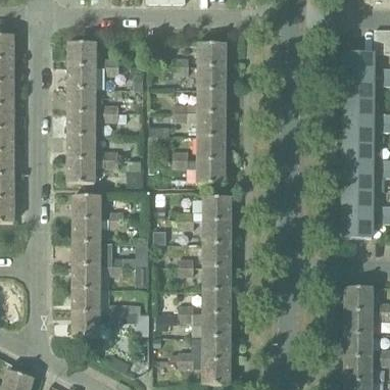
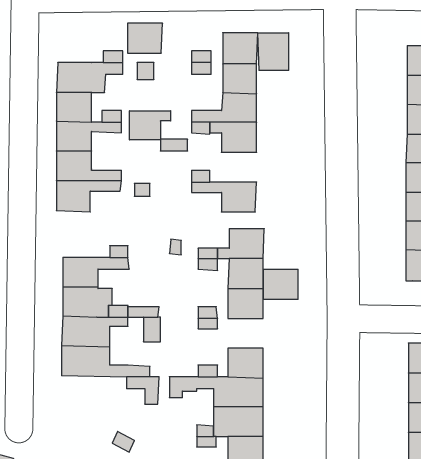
building: [68,43,96,66] -> [128,23,163,53]
building: none -> [258,33,289,70]
building: none -> [130,111,171,140]
building: [197,137,225,160] -> none
building: [72,196,100,220] -> none
building: [202,267,230,291] -> [263,269,298,299]
building: [71,312,123,337] -> none

